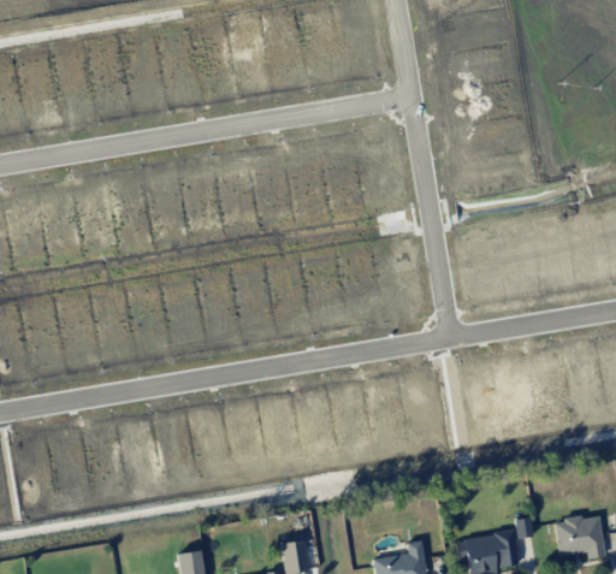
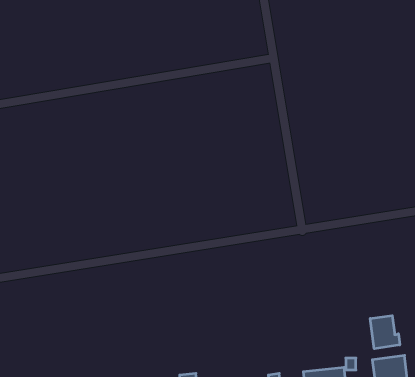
building: none -> [370,316,400,349]

